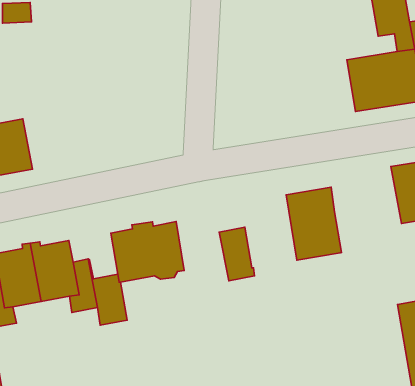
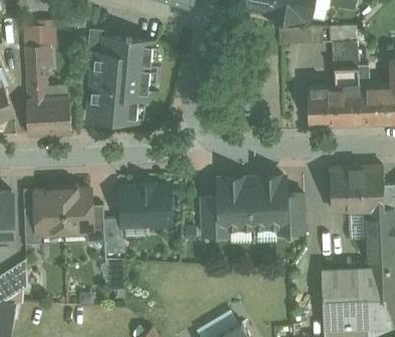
building: none -> [81,28,147,116]
building: none -> [219,179,253,228]
building: none -> [285,195,305,232]

